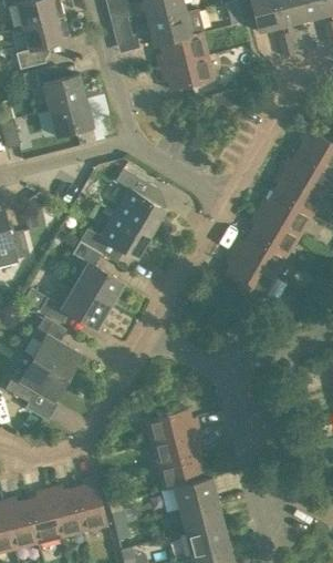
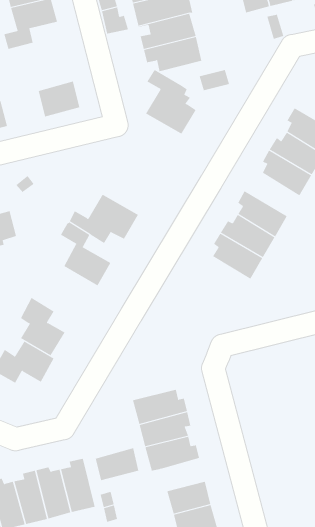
building: [23,65,86,110] -> none
building: [115,168,166,234] -> [145,69,196,135]
building: [257,192,312,235] -> none
building: [40,285,111,328] -> none
building: [174,477,218,510] -> [95,448,139,481]

